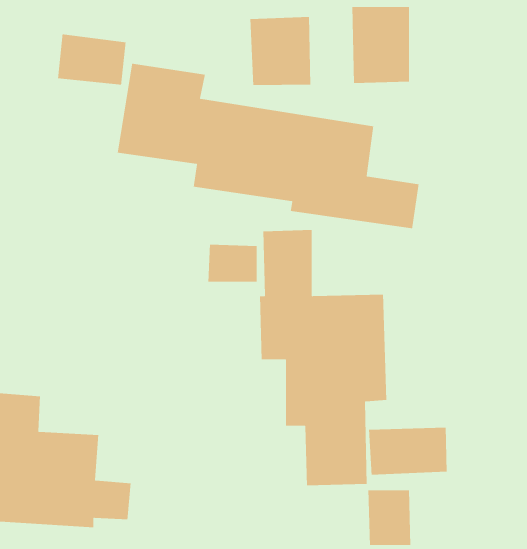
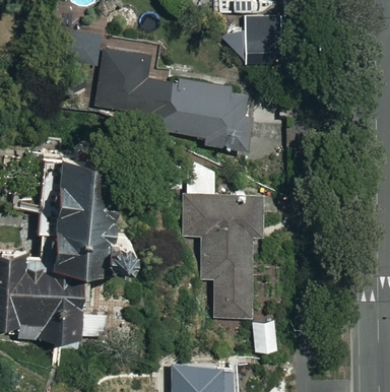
building: [249,16,311,86] -> none
building: none -> [51,154,113,274]
building: [368,427,447,476] -> none

